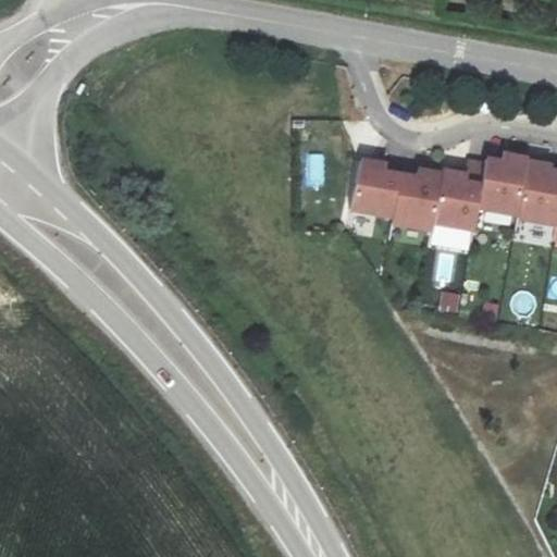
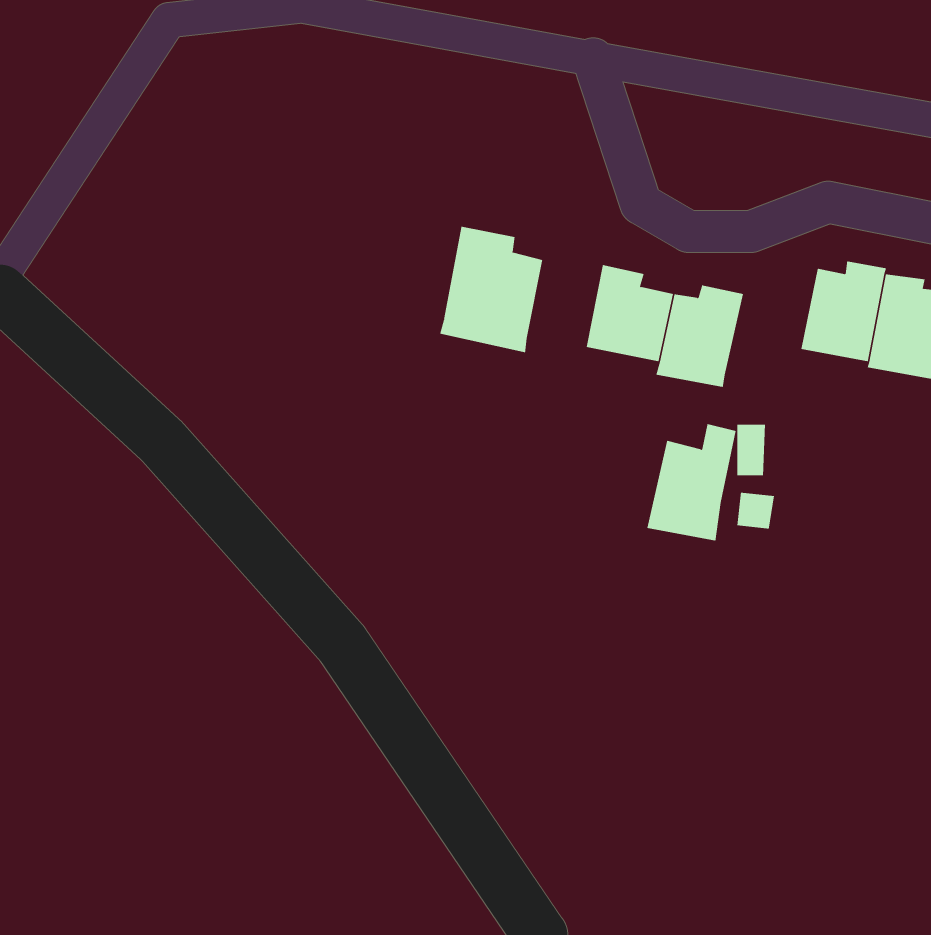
building: none -> [439,226,543,353]
building: [434,160,487,230] -> [646,424,736,541]

